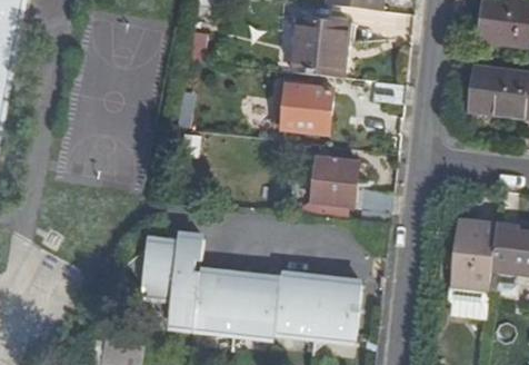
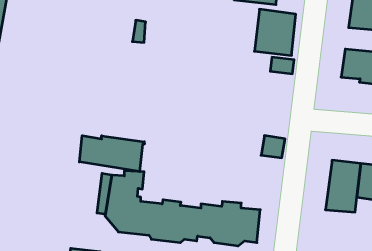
building: [292,14,348,77] -> [254,9,296,55]
building: [282,82,333,131] -> none
building: [311,156,358,205] -> none
building: none -> [79,136,144,172]

